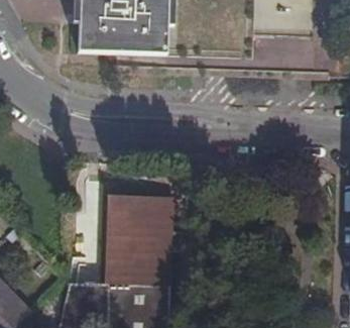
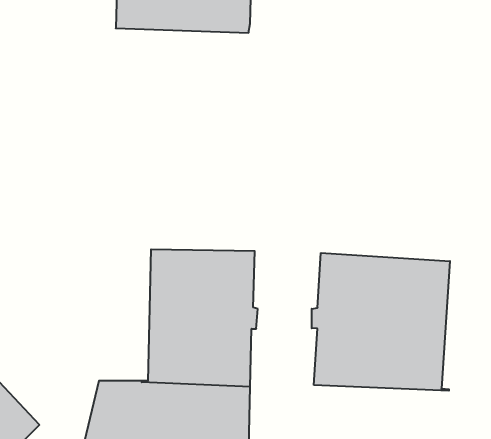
building: none -> [312,253,450,391]

